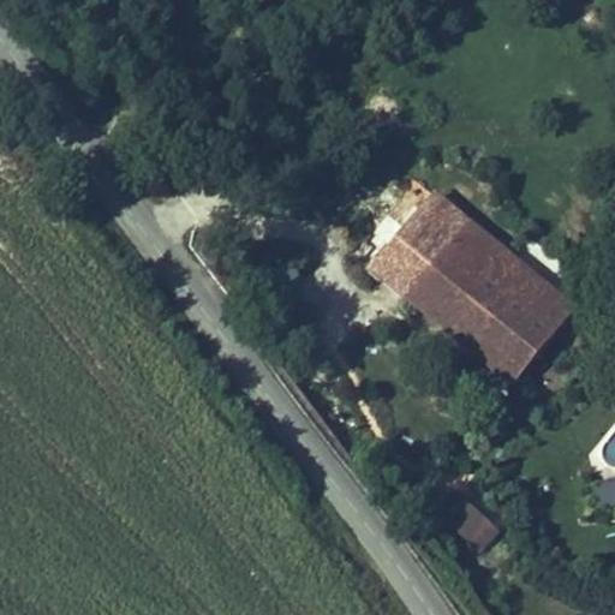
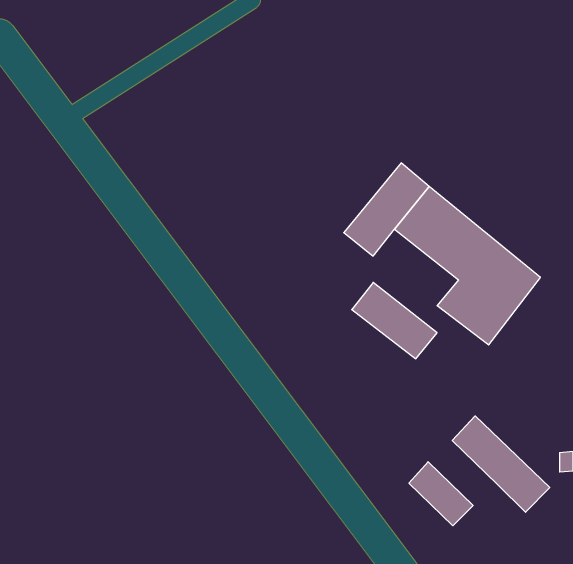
building: [399,256,490,338] -> [352,282,437,359]
building: none -> [452,416,550,512]

